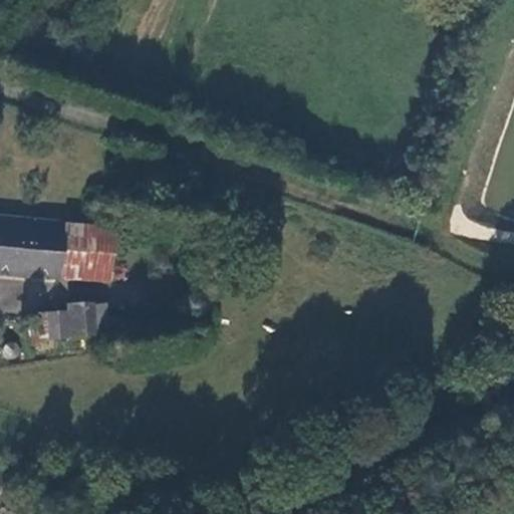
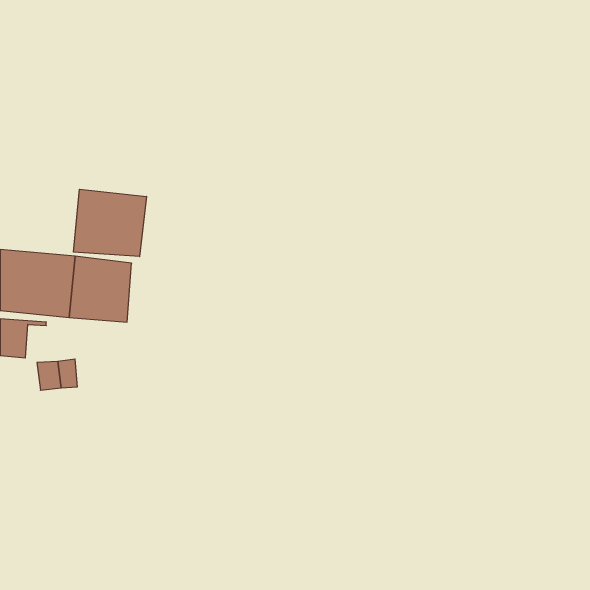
building: none -> [74,189,146,257]
building: [65,303,95,336] -> none

